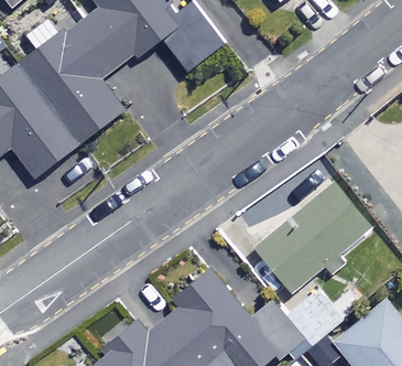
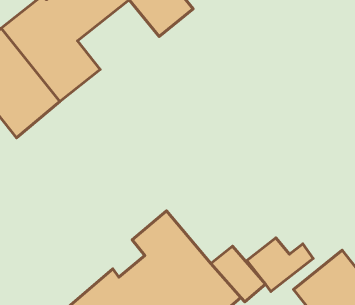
building: [253,181,372,291] -> none

